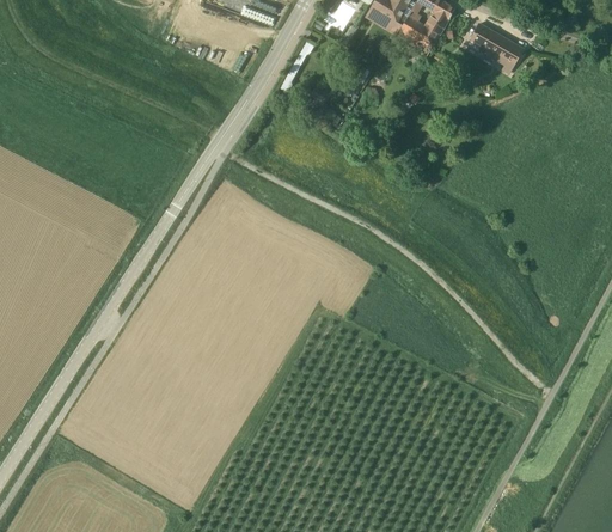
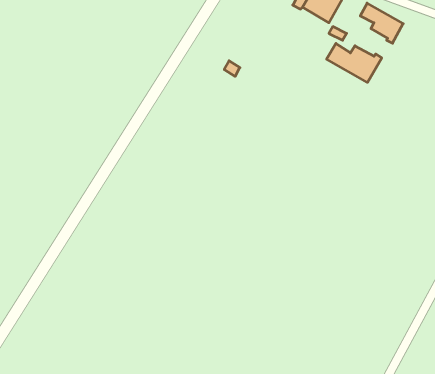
building: none -> [327,43,382,82]

